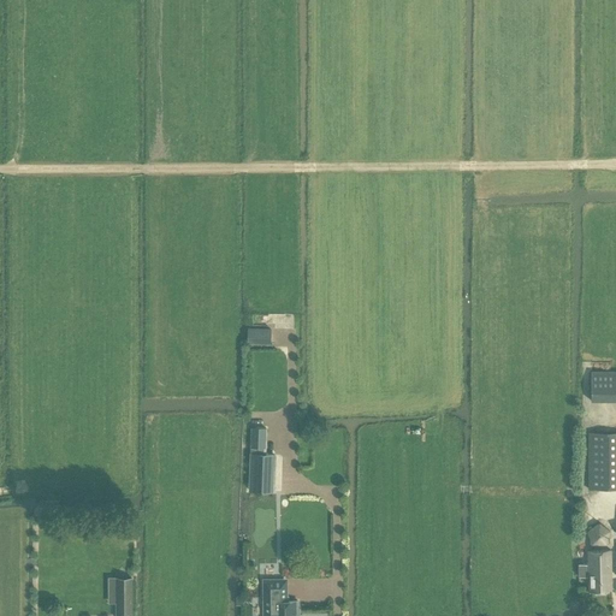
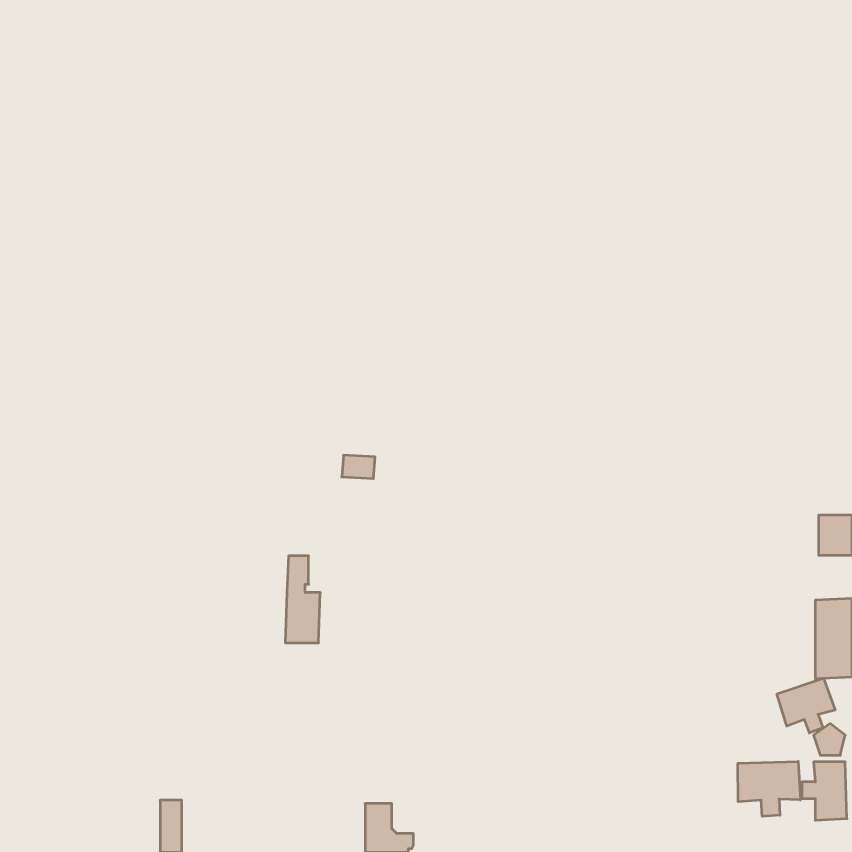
building: [249,428,274,491] -> [285,556,320,643]
building: none -> [777,678,835,733]
building: none -> [738,761,800,816]

